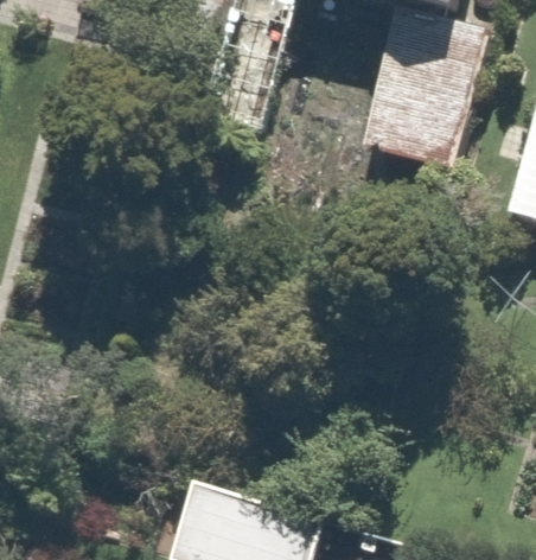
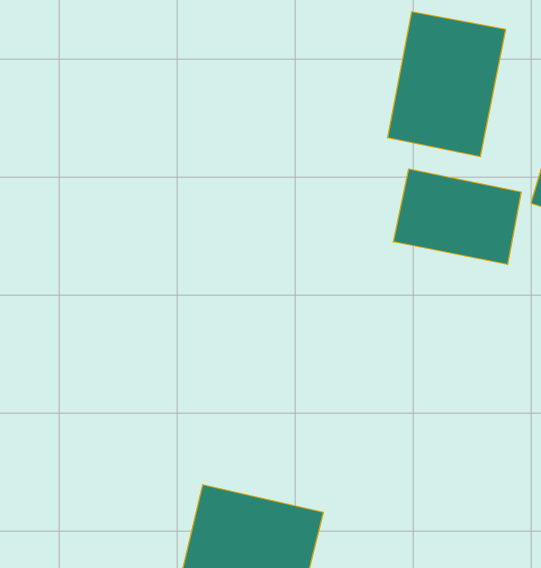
building: none -> [393,169,521,265]

